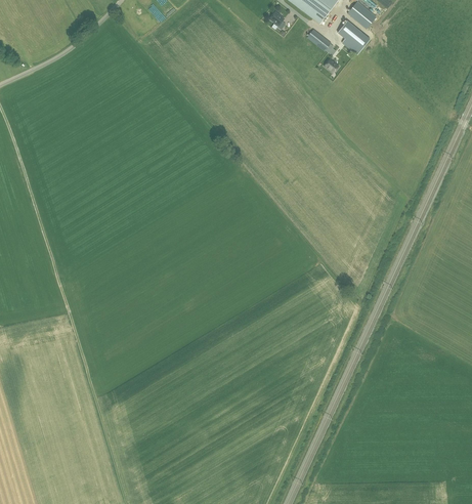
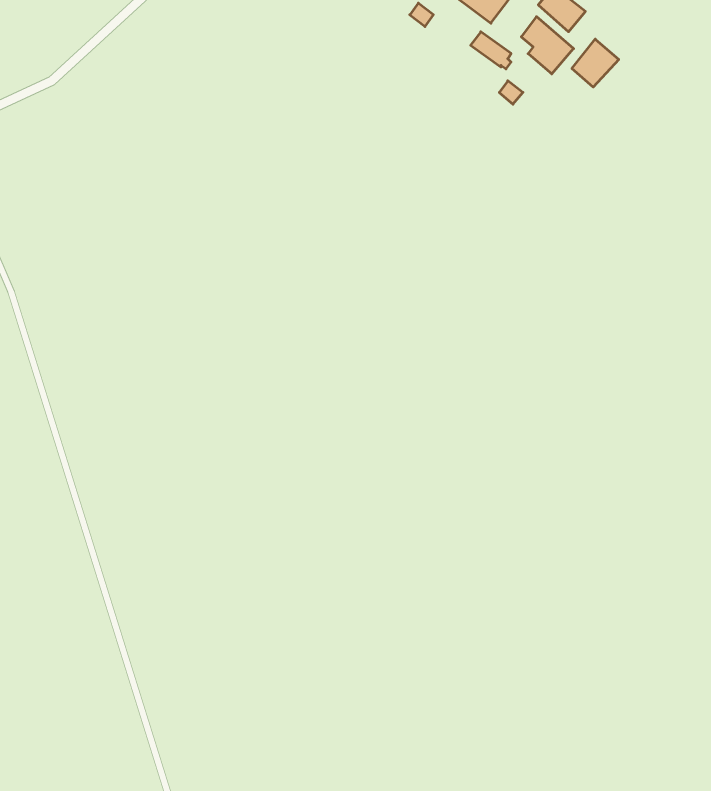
building: none -> [572,39,619,87]

